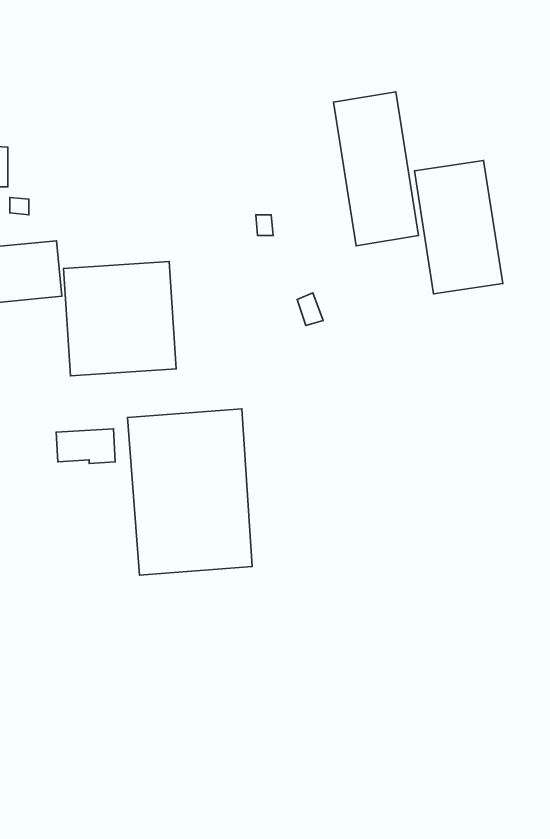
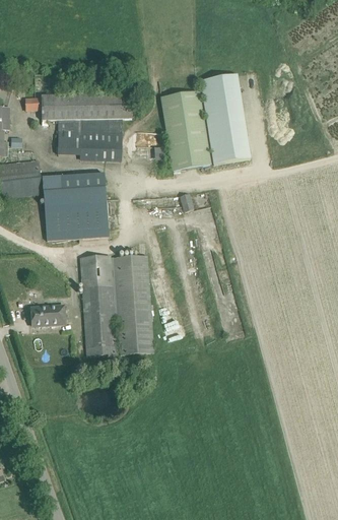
building: none -> [24,92,131,160]
building: [414,161,503,294] -> [159,90,211,169]
building: [56,429,115,463] -> [30,305,65,325]

